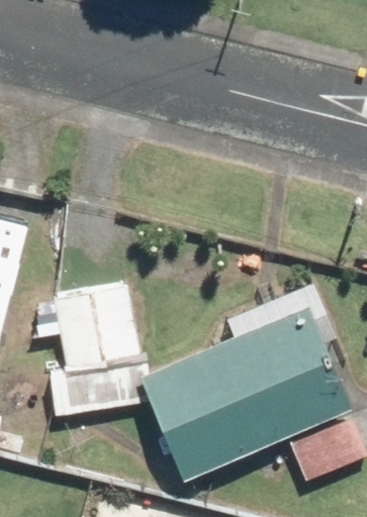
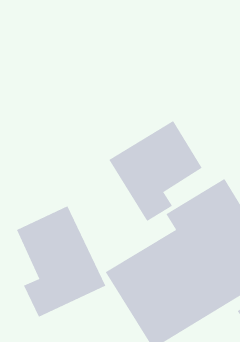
building: none -> [109,120,203,222]

